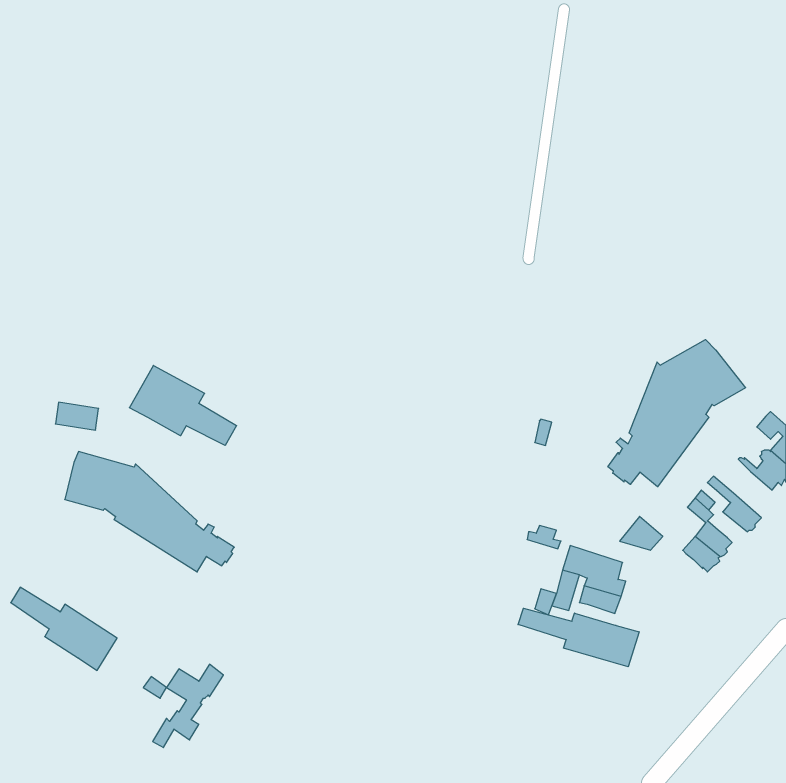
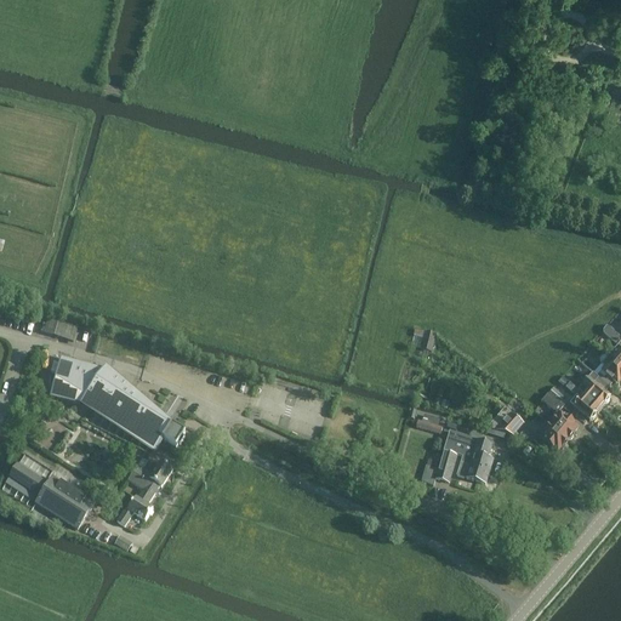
building: [608,340,746,487] -> none
building: [129,365,237,445] -> none
building: none -> [577,371,609,408]
building: [518,608,639,667] -> none
building: [153,664,223,748] -> [115,460,171,525]

